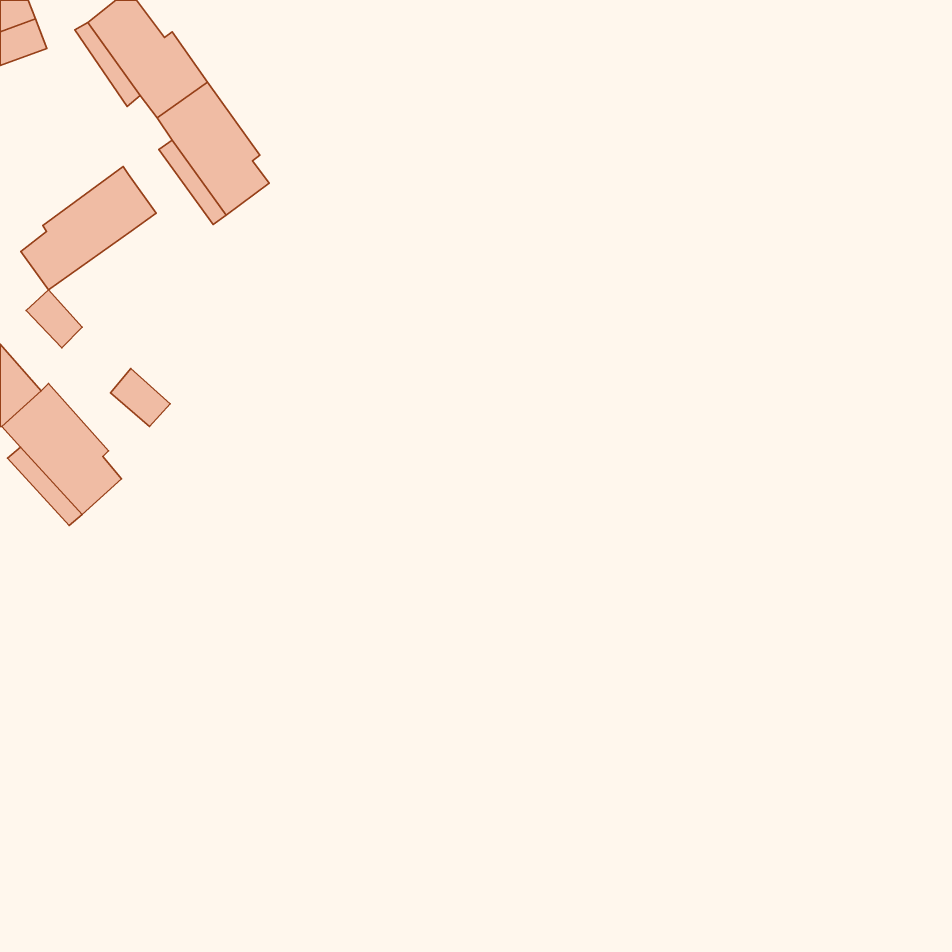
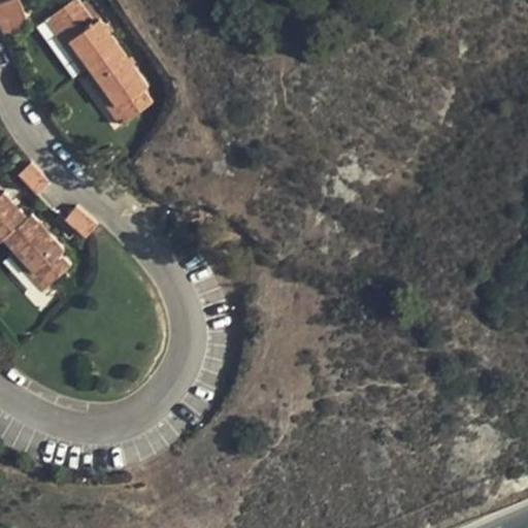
building: [21,167,156,290] -> none

